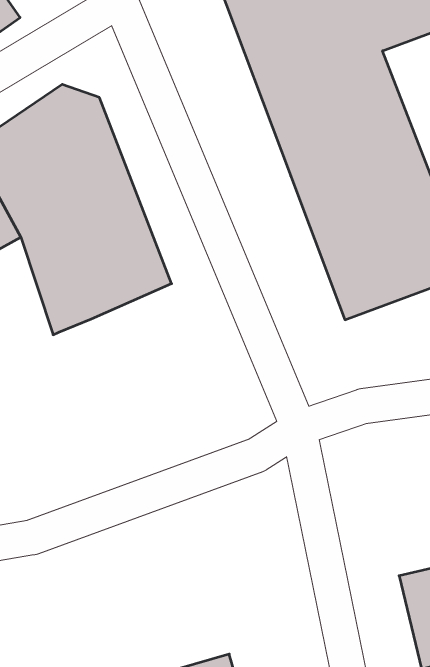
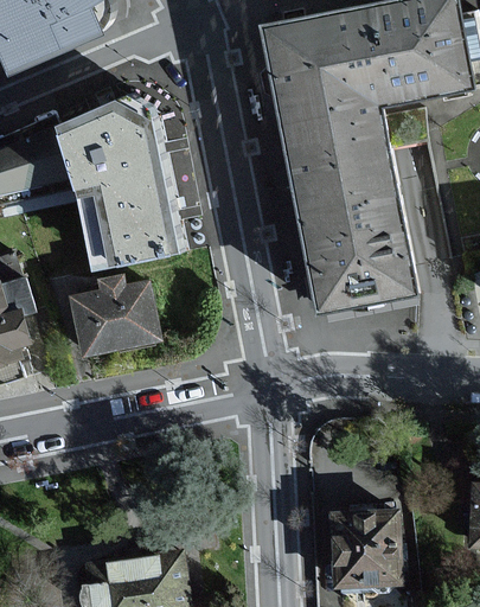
building: none -> [64,273,159,358]

